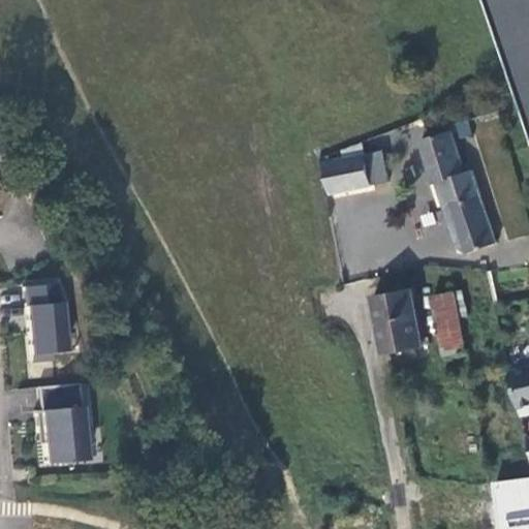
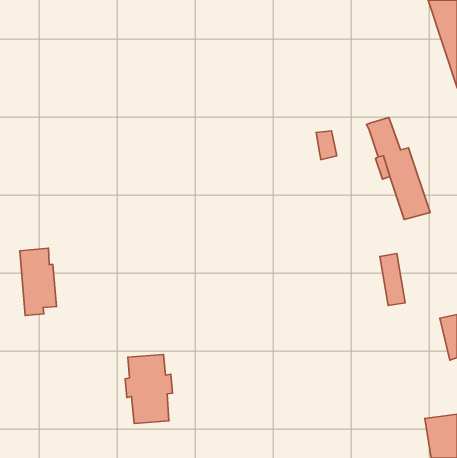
building: [323,153,370,192] -> none
building: [371,287,421,353] -> none
building: [33,385,88,465] -> [125,355,173,424]

